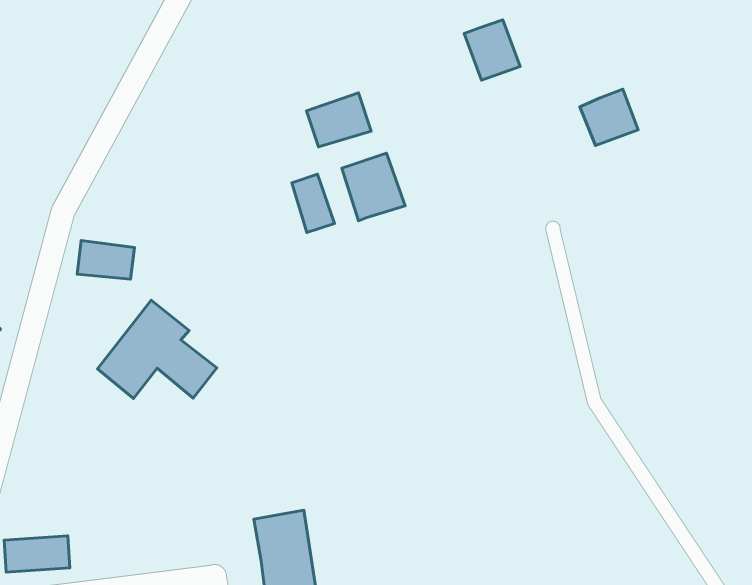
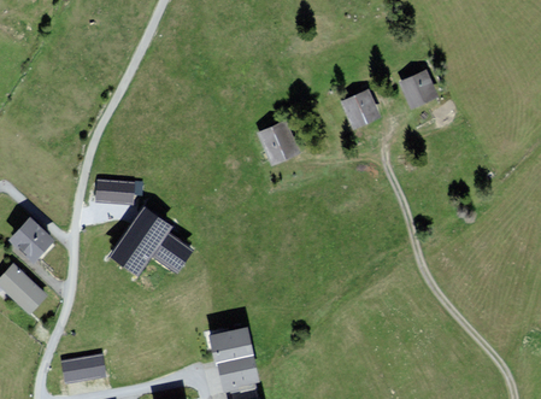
building: [464,20,520,80] -> [341,83,376,121]
building: [307,93,371,147] -> none
building: [292,174,334,233] -> none

